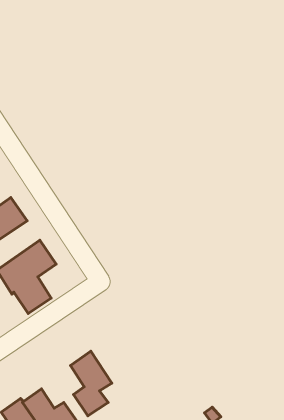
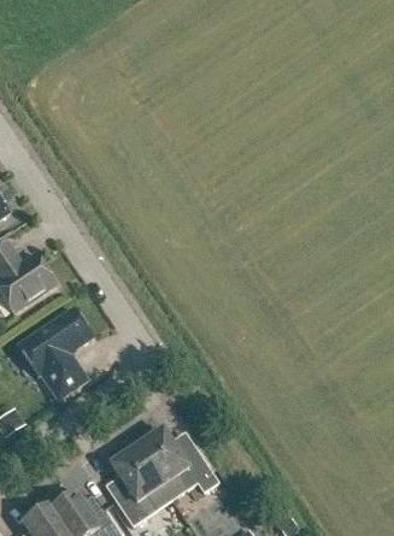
building: none -> [136,429,218,493]

